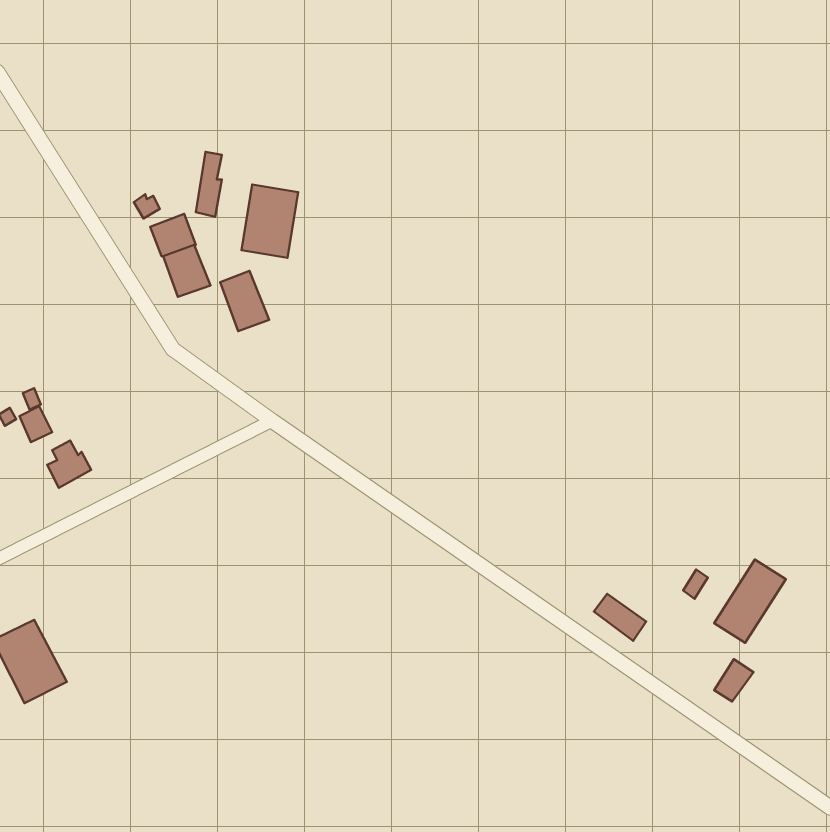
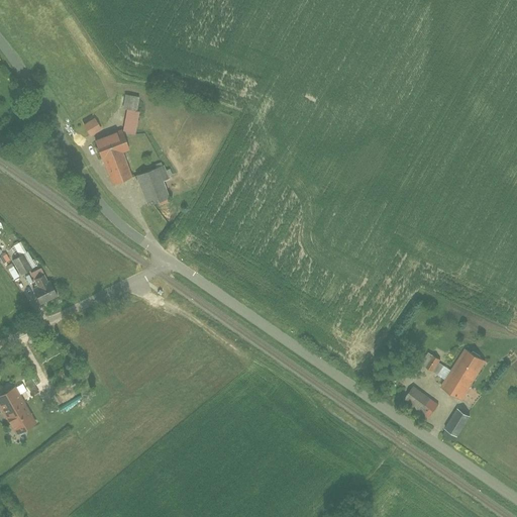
building: [242,185,298,258] -> none
building: [594,594,646,641] -> [405,388,437,417]

